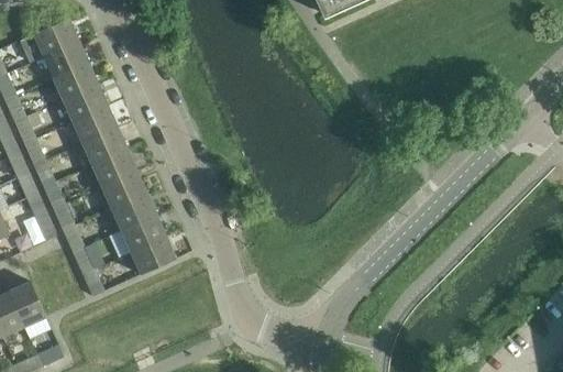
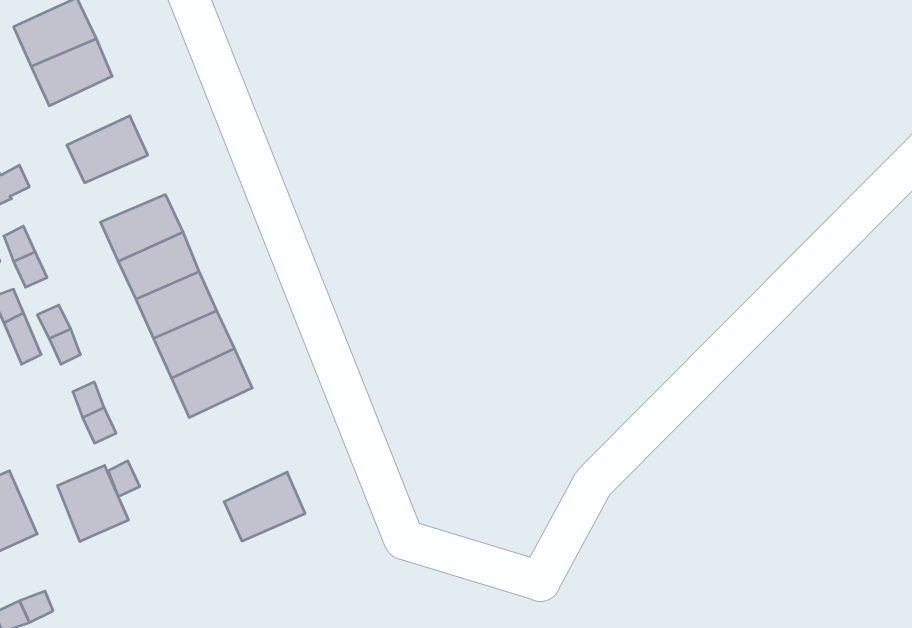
building: [53,62,98,100] -> none
building: [73,106,118,143] -> none
building: [131,236,176,274] -> [224,472,305,541]
building: none -> [58,465,128,542]

